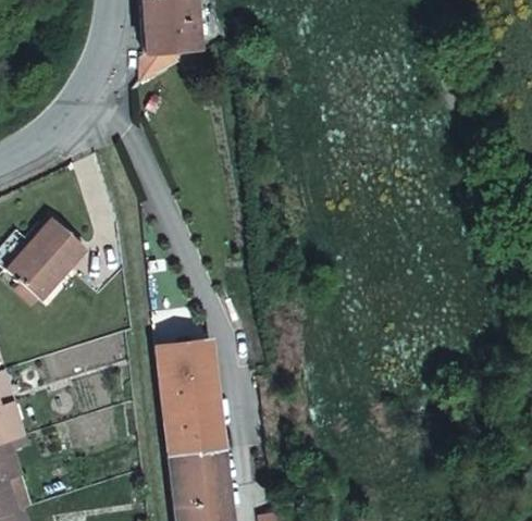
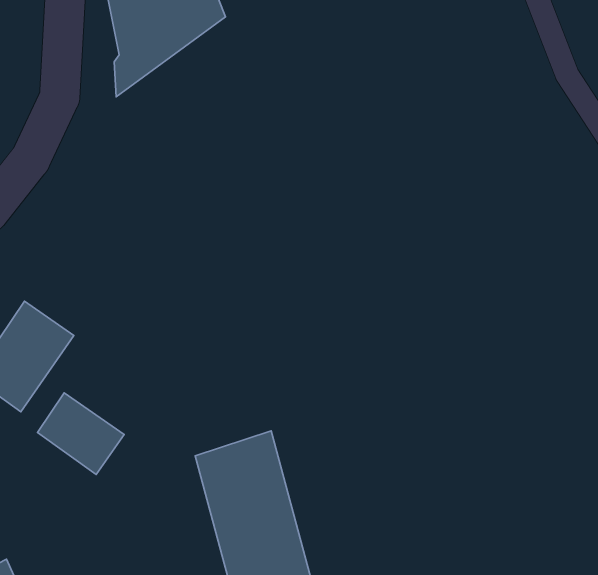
building: none -> [38,393,124,474]

